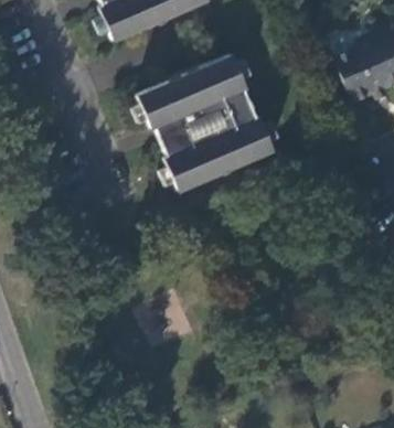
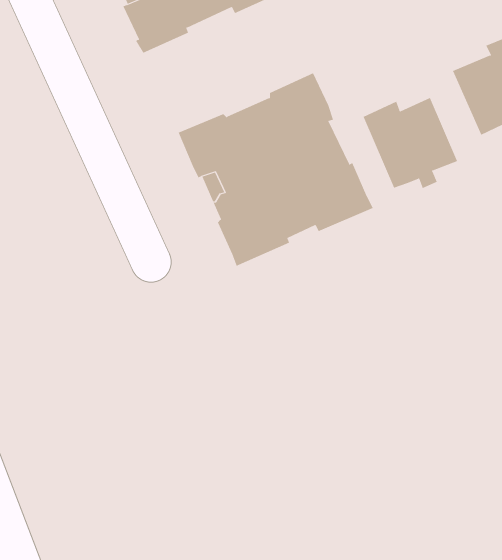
building: none -> [363,97,458,189]

